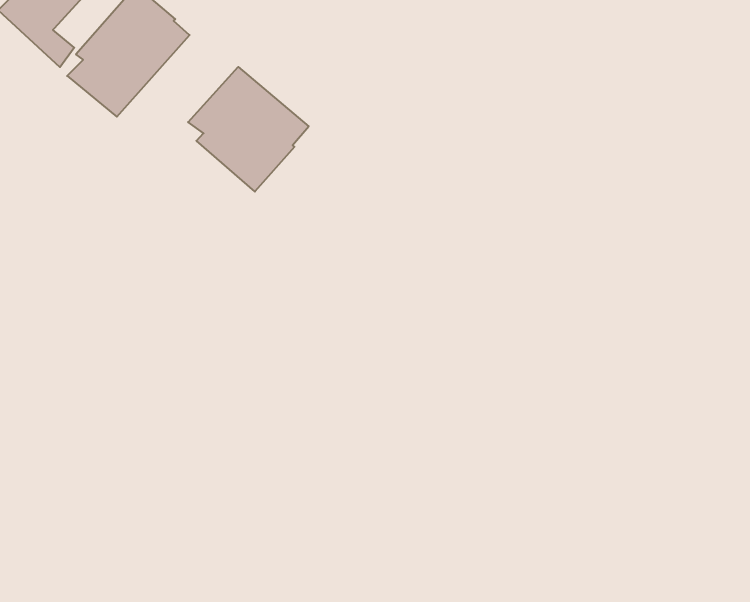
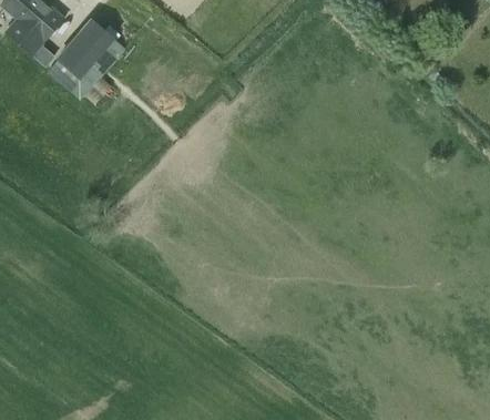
building: [188,67,309,192] -> none

